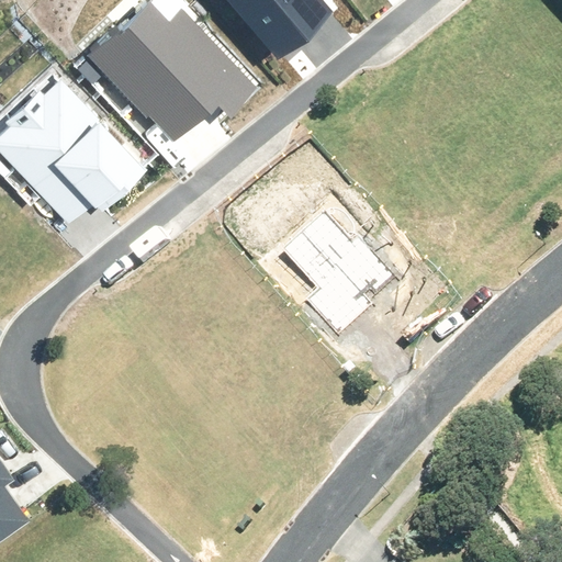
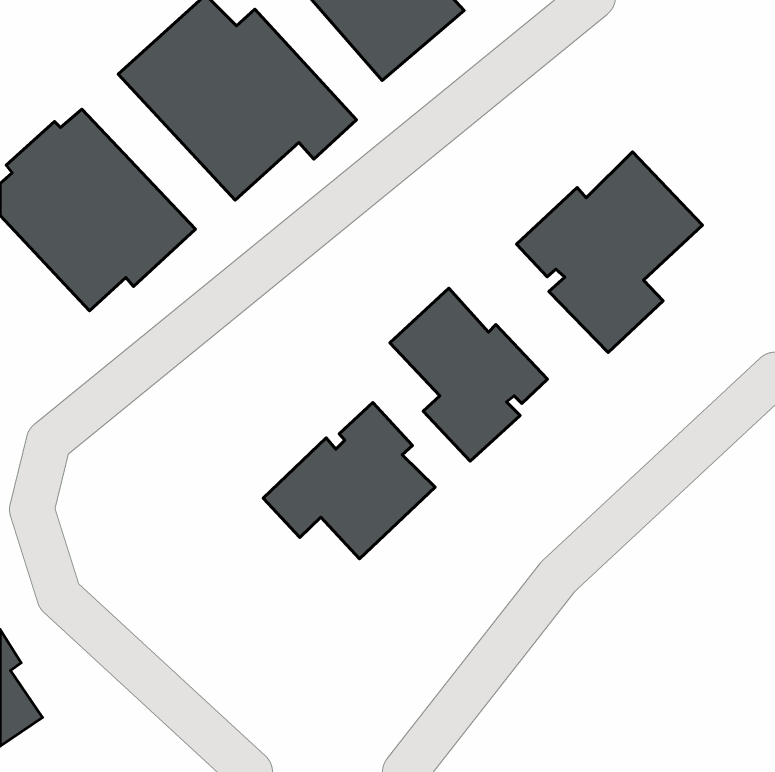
building: none -> [516,152,702,353]
building: none -> [263,403,435,559]

